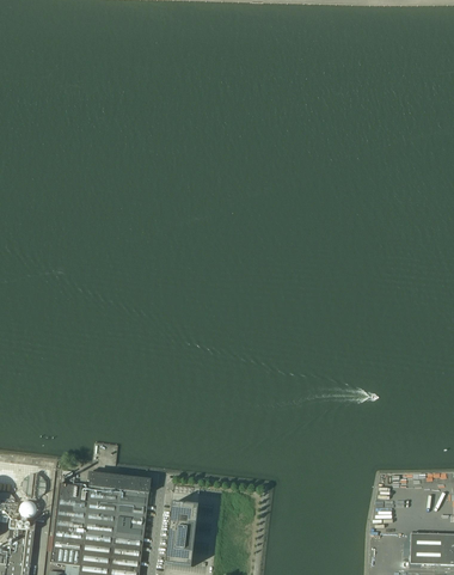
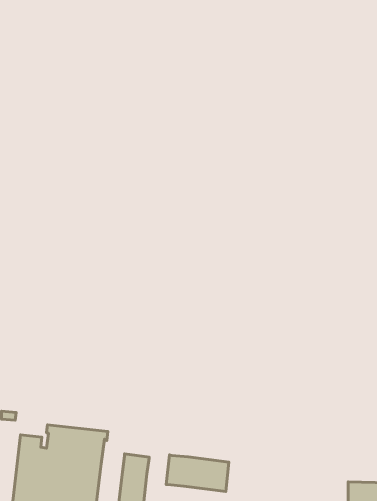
building: none -> [166,455,229,492]

